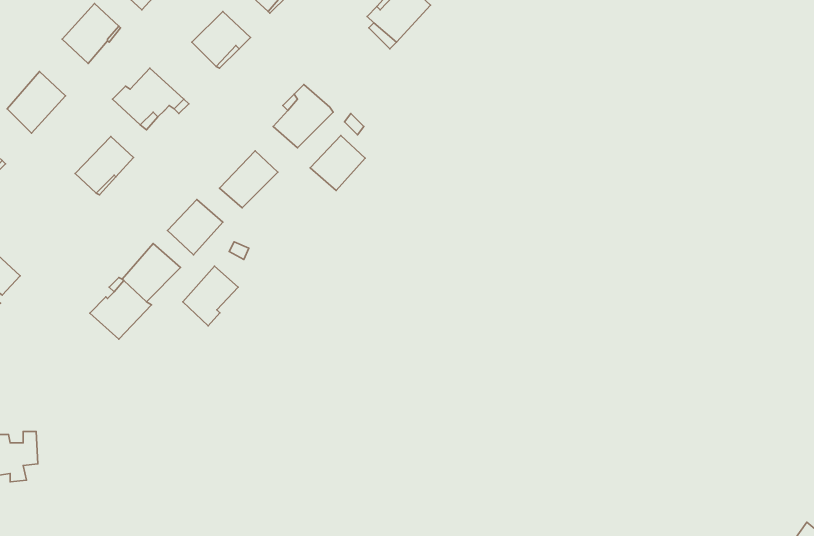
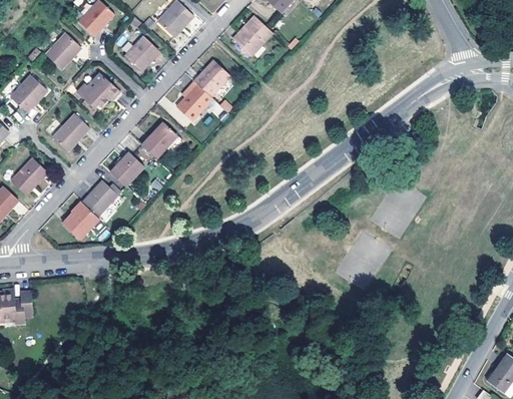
building: [310,135,365,191] -> [194,61,228,95]
building: none -> [12,157,49,194]
building: [183,266,238,326] -> none

